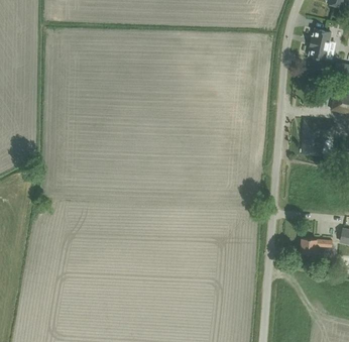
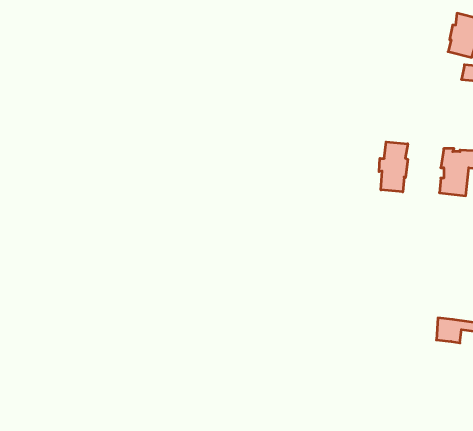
building: none -> [379,142,408,192]

